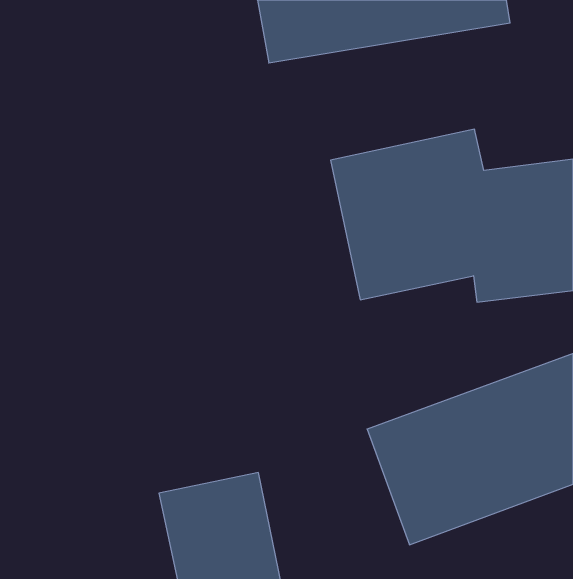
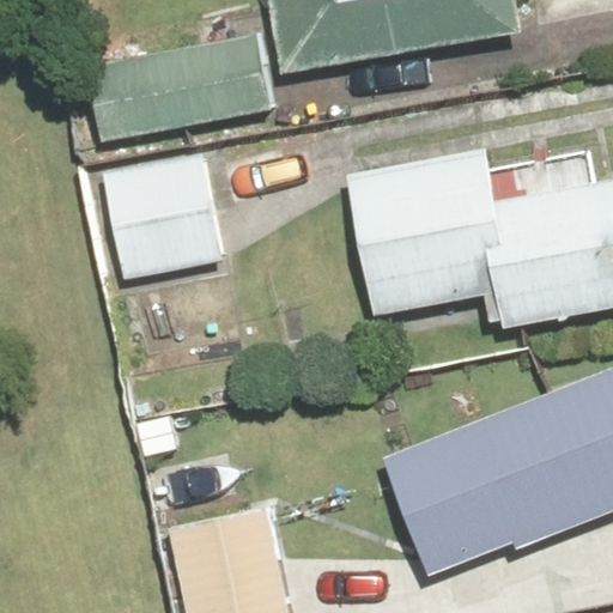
building: none -> [81,23,274,146]
building: none -> [101,153,229,283]

